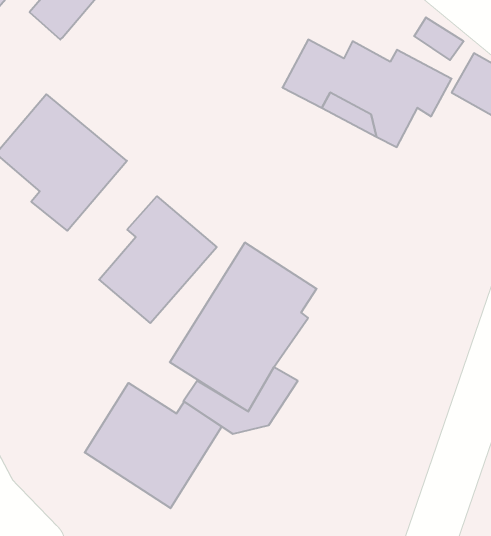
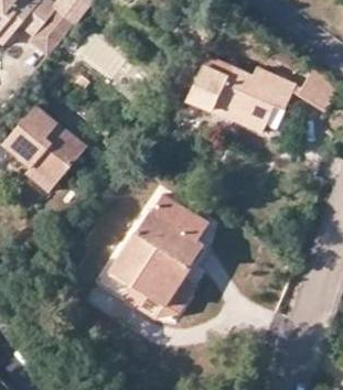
building: [99,196,217,323] -> none
building: [85,383,222,508] -> none

